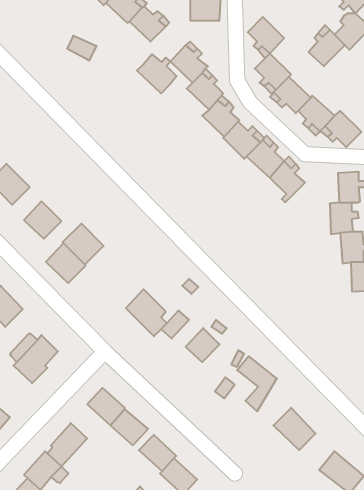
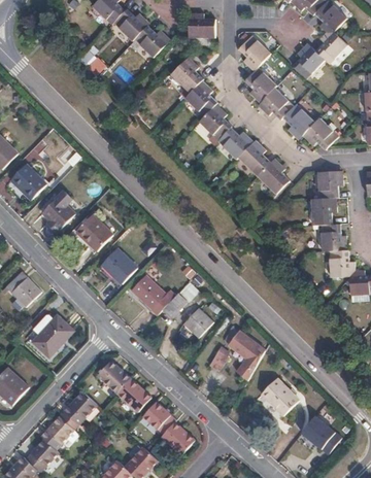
building: [137,54,177,93] -> none
building: [46,243,86,283] -> [101,248,136,283]

